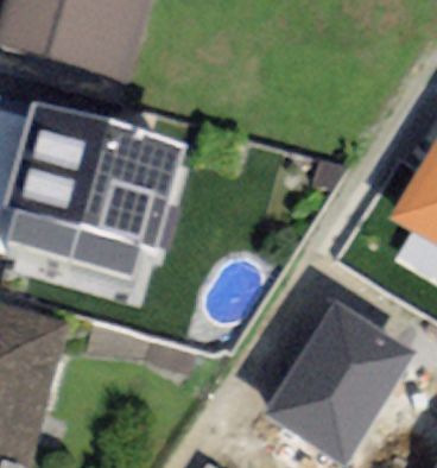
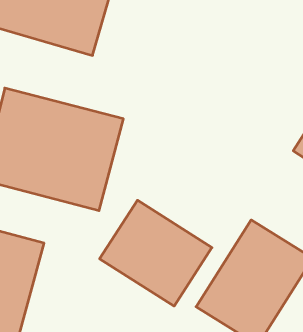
building: none -> [100,200,212,306]

